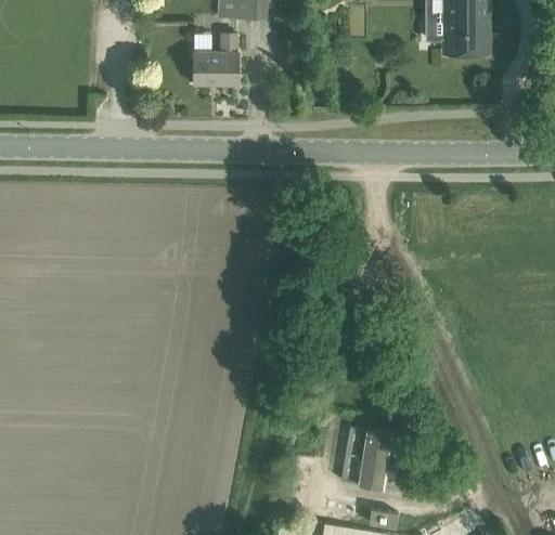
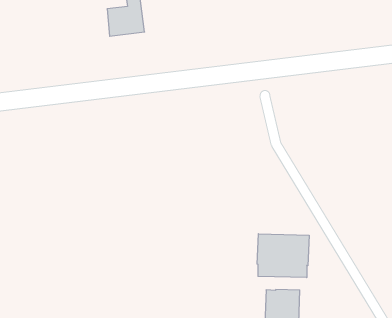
building: none -> [257,234,309,278]

